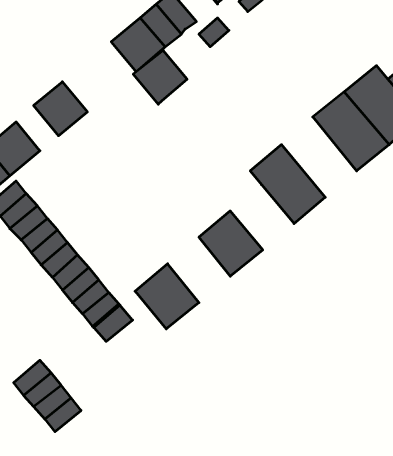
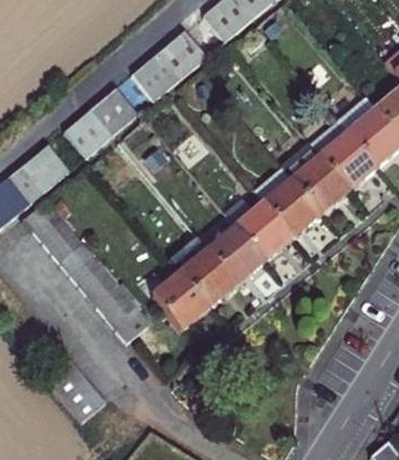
building: [133,50,187,104] -> [88,91,135,139]
building: none -> [282,143,348,214]
building: none -> [236,203,293,260]
building: none -> [168,236,236,307]

